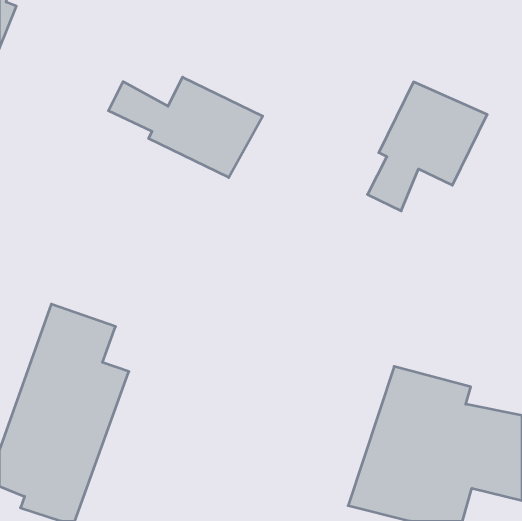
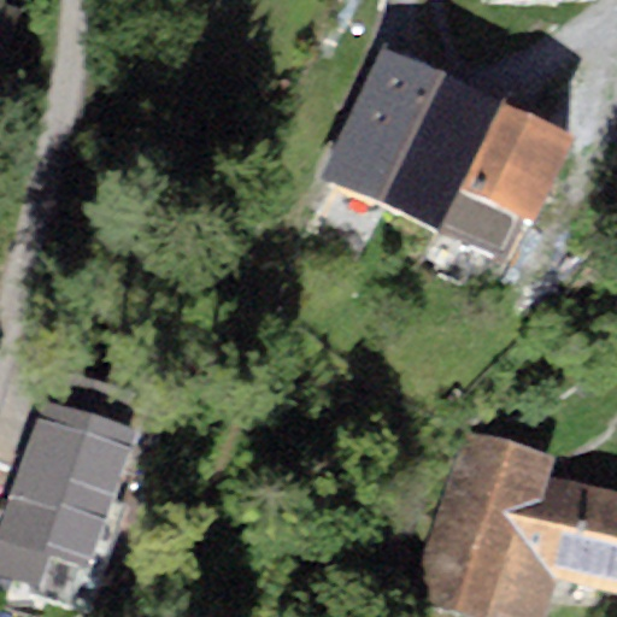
building: none -> [313,43,487,235]
building: [108,77,263,178] -> none

